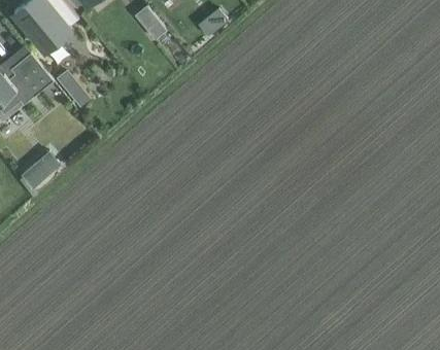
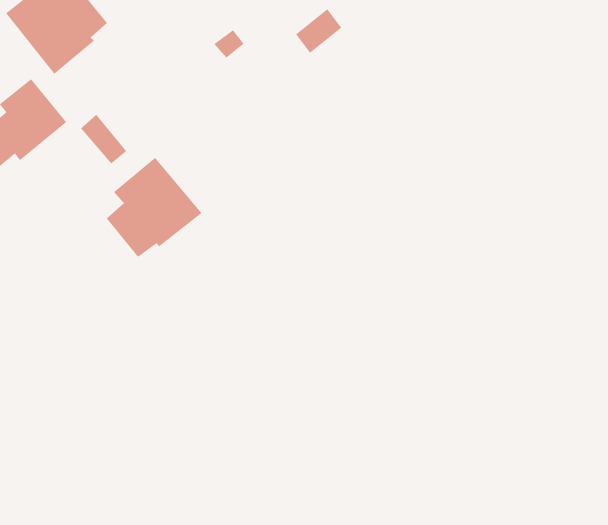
building: none -> [106,157,202,258]
building: [21,150,60,188] -> none

